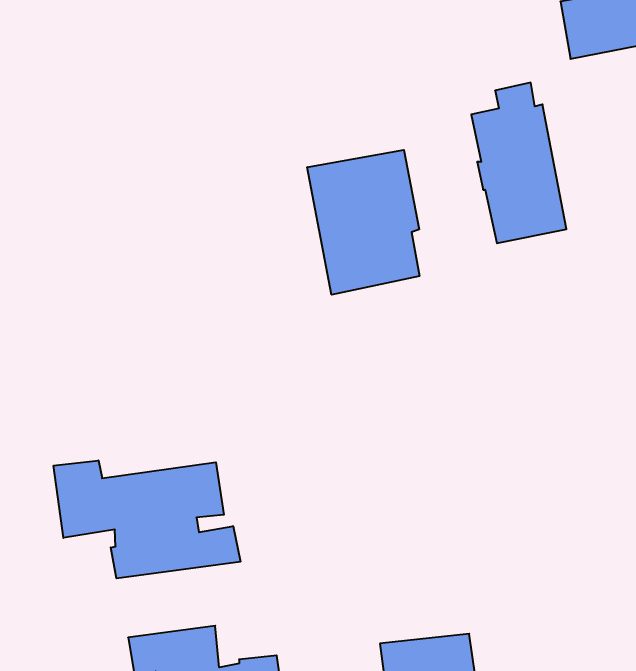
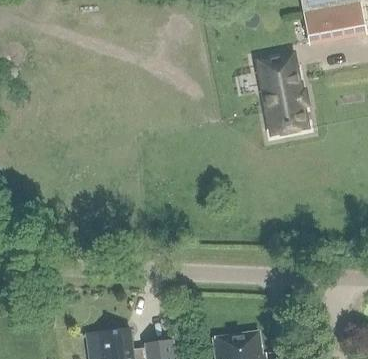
building: [307,150,419,295] -> none
building: [54,460,240,578] -> none

